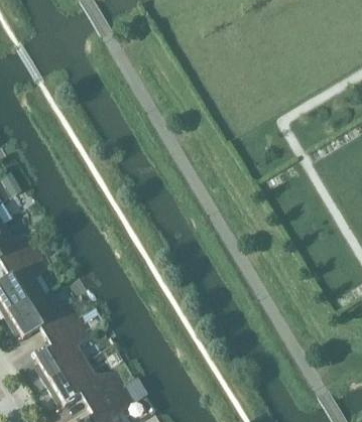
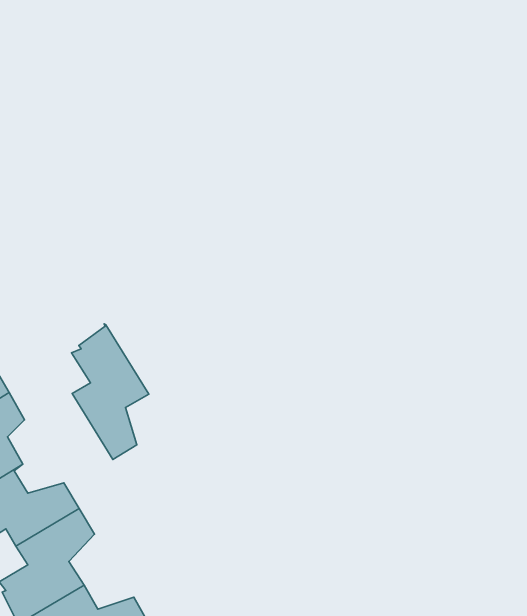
building: none -> [72,324,149,460]

